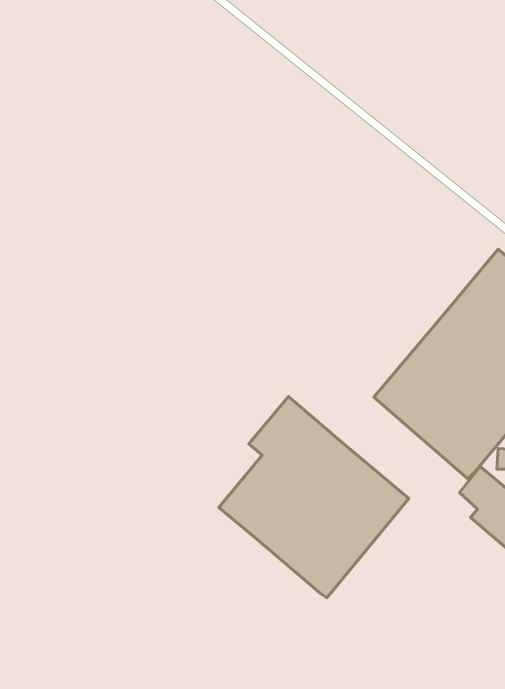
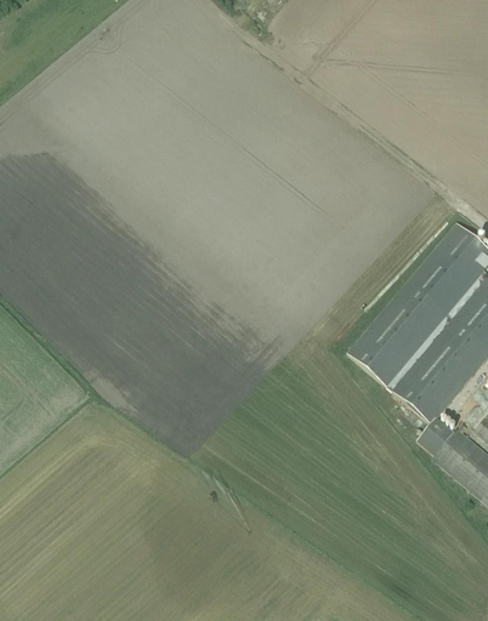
building: [219,396,409,598] -> none

